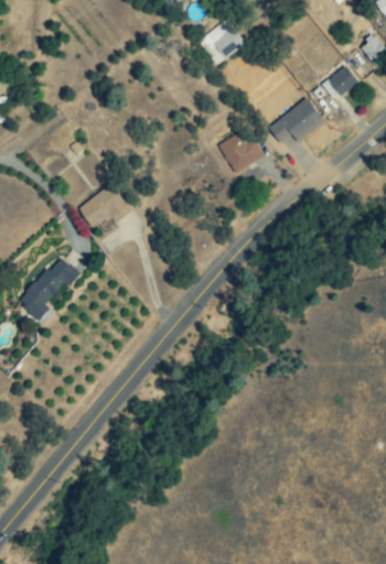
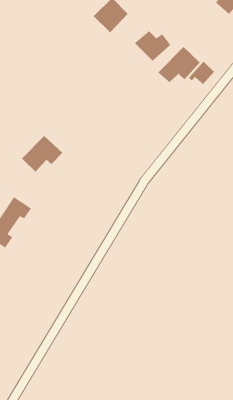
building: [322,66,357,97] -> [188,61,215,85]
building: [218,131,266,172] -> [134,30,171,62]

